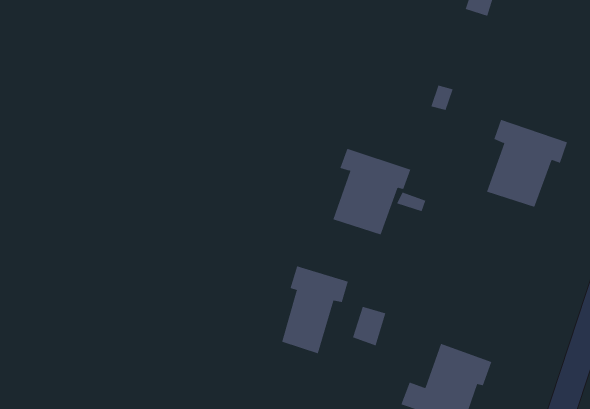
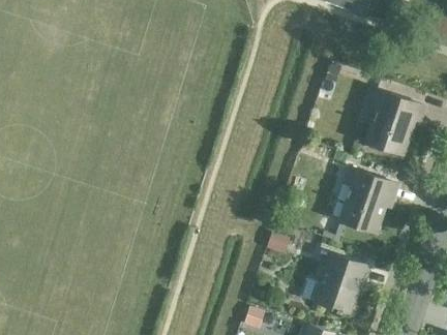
building: [332,148,411,235] -> [339,169,396,232]
building: [281,265,348,354] -> none

